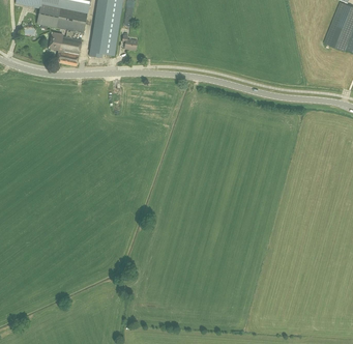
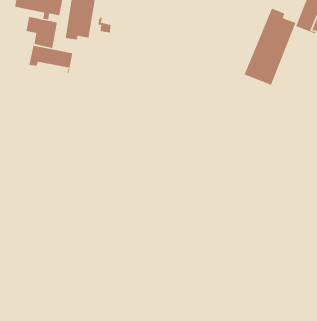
building: none -> [244,8,297,86]
building: none -> [29,45,73,74]

